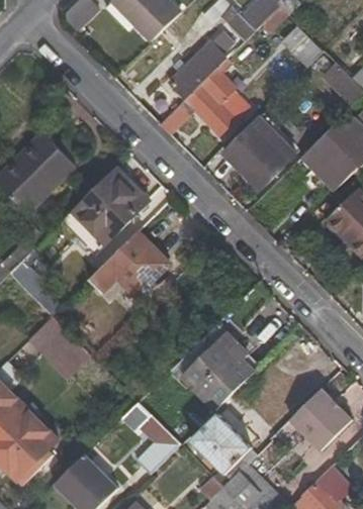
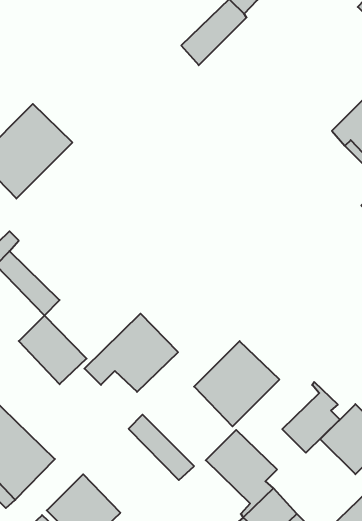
building: [158,60,250,136] -> none
building: [223,125,288,189] -> none
building: [60,165,151,254] -> none
building: [89,230,170,298] -> [84,314,178,392]
building: none -> [282,382,340,453]

